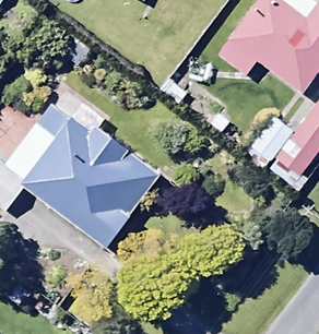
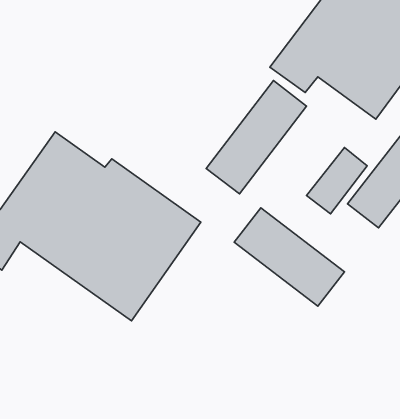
building: none -> [206,80,307,194]
building: none -> [234,208,344,306]

